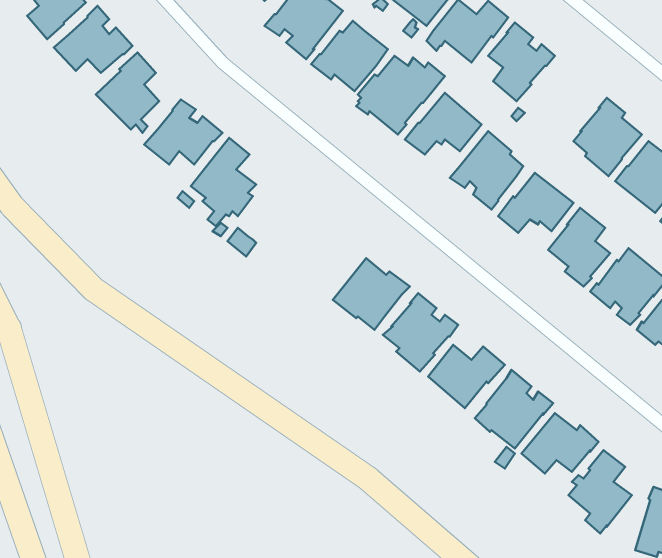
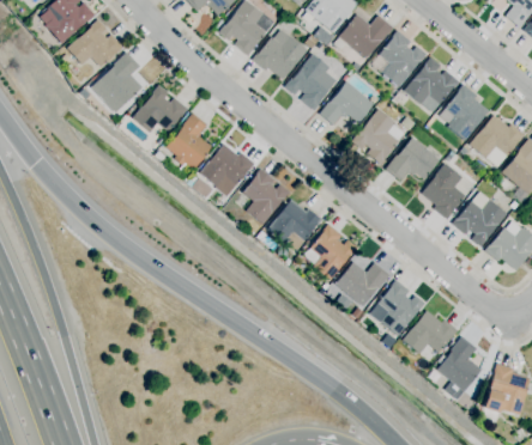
building: none -> [404,56,459,111]
building: none -> [199,142,254,196]
building: none -> [242,169,289,224]

